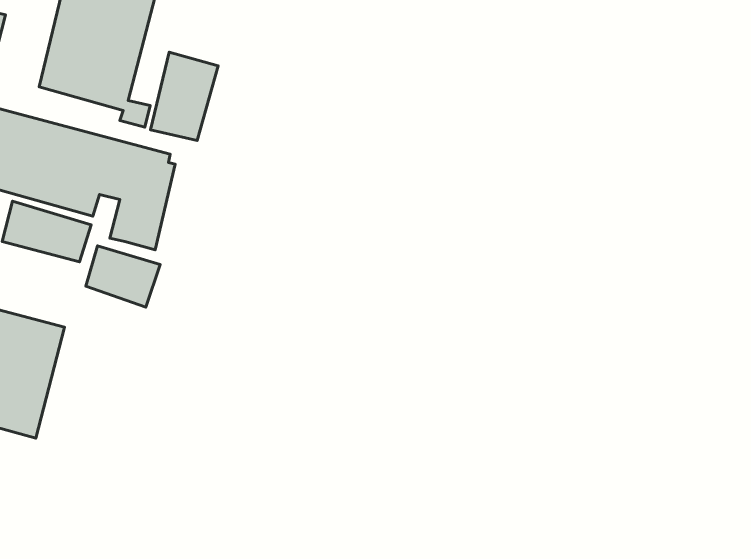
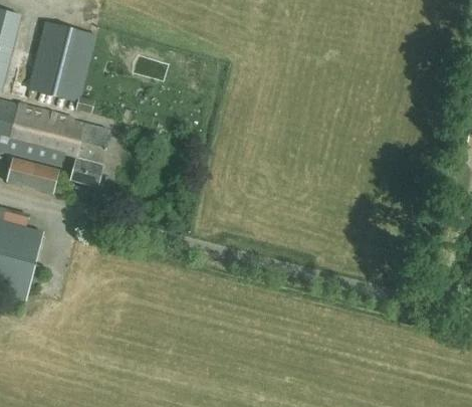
building: [151,52,218,140] -> none
building: [86,246,160,307] -> none

